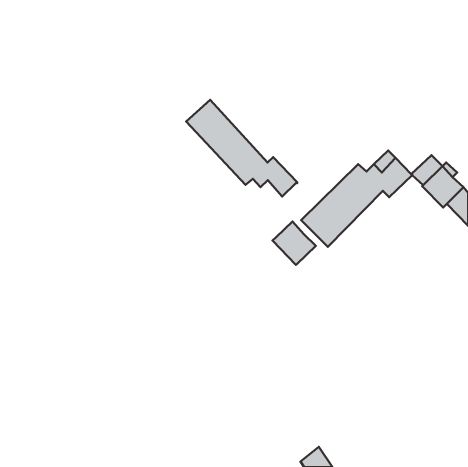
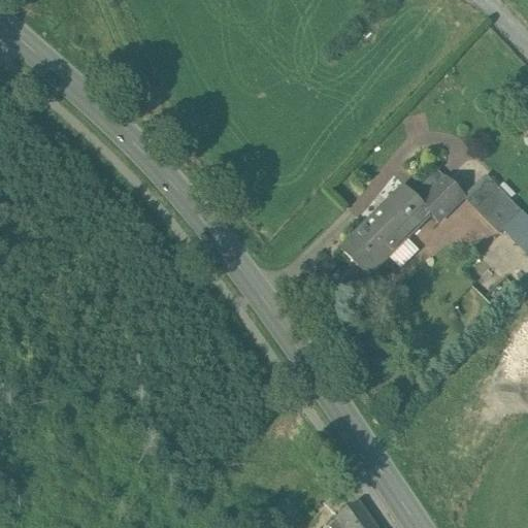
building: [186,100,297,197] -> none
building: [273,221,316,265] -> none

